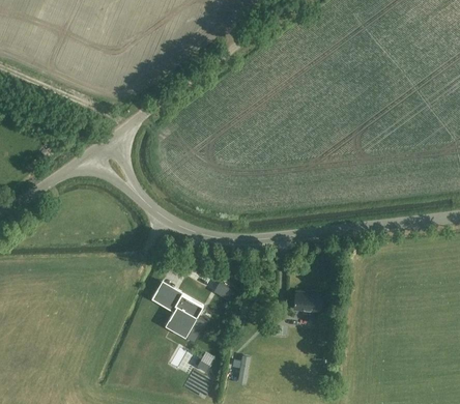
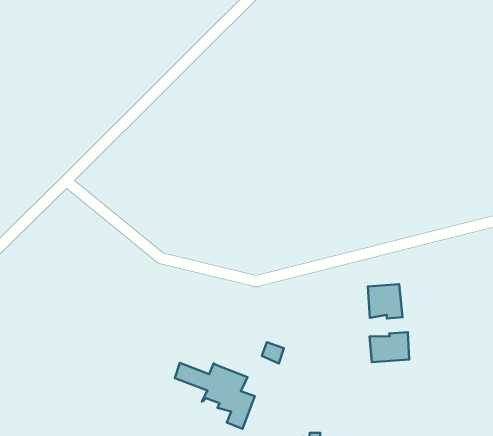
building: none -> [368,284,402,318]

